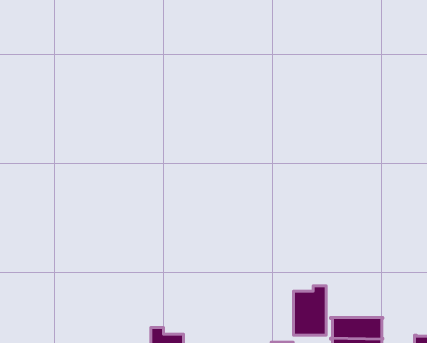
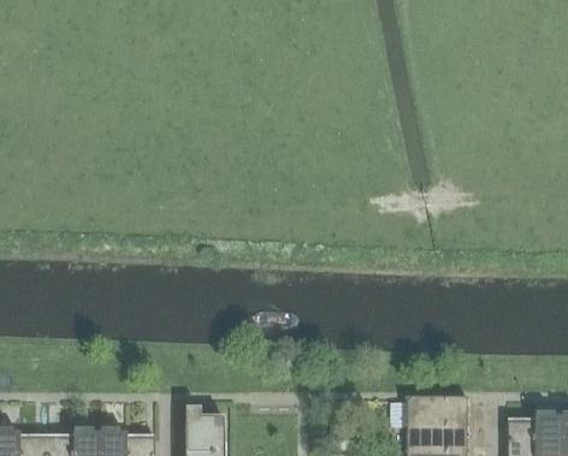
building: [293,286,326,335] -> none

